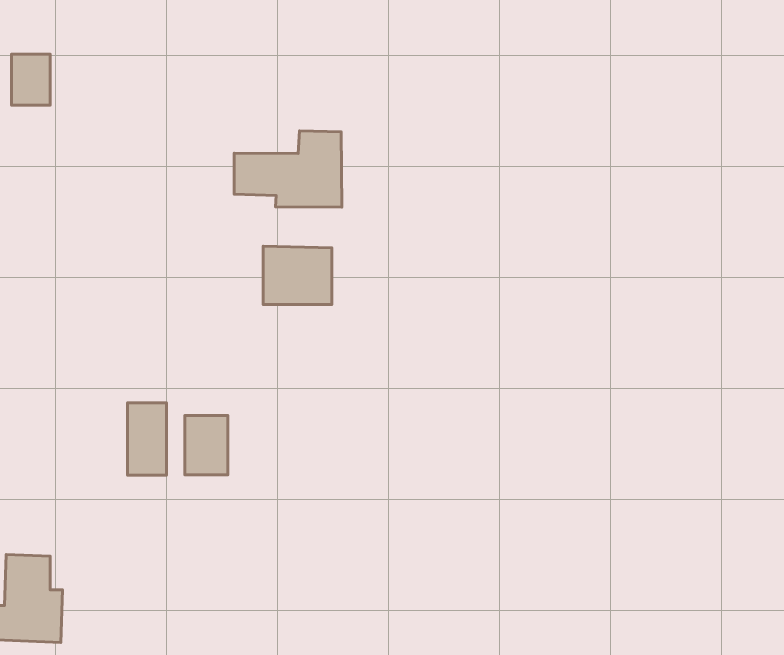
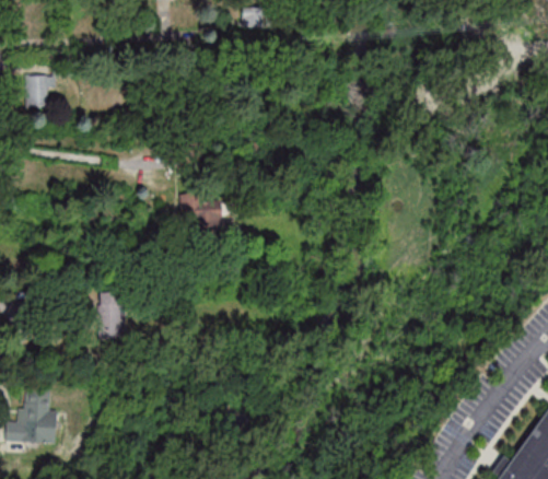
building: [234,131,342,207] -> none
building: [185,416,228,475] -> none

